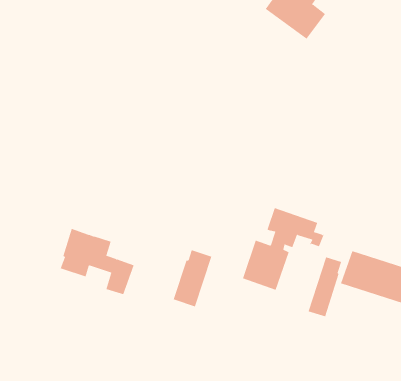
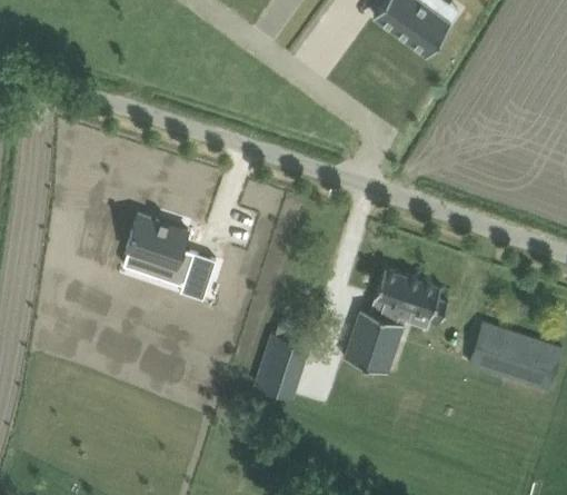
building: [60,228,134,295] -> [123,215,218,299]
building: [308,256,342,317] -> none

